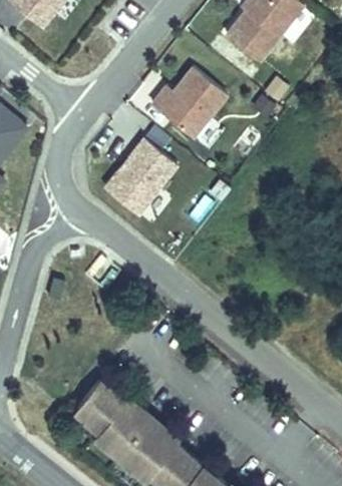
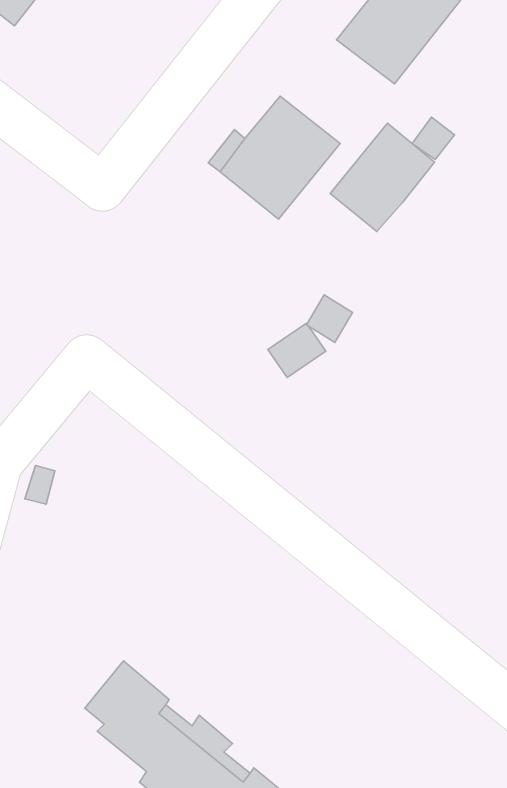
building: none -> [330,123,435,231]
building: [105,136,178,211] -> none

